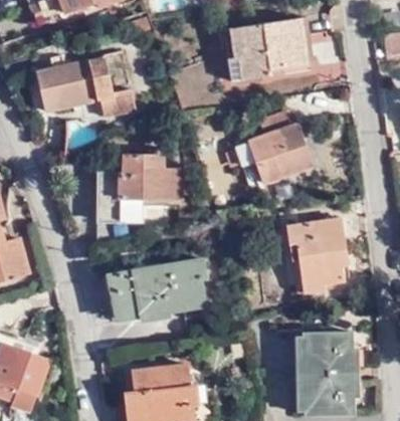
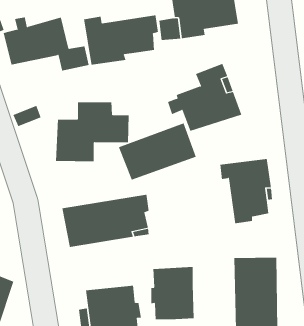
building: none -> [83,15,158,66]
building: none -> [118,123,196,180]
building: none -> [151,266,194,320]

